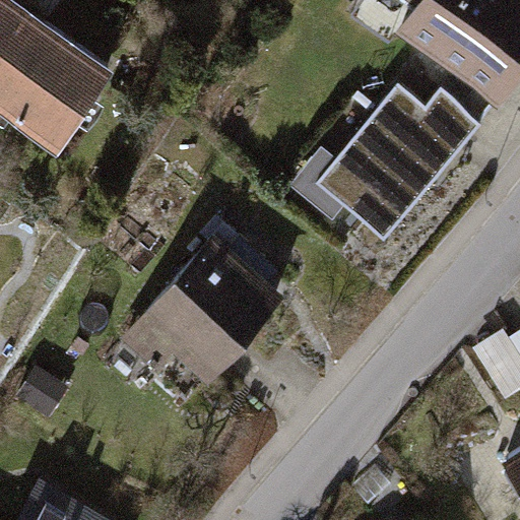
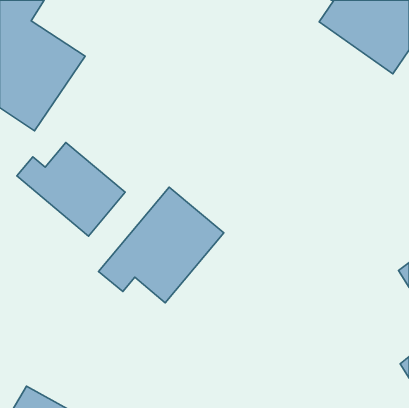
building: [335,83,478,237] -> none
building: none -> [17,142,125,236]

